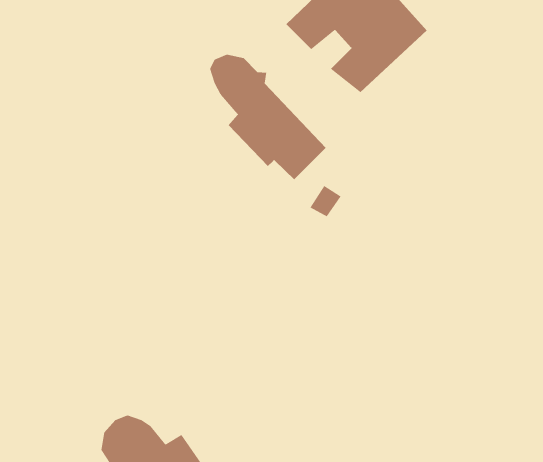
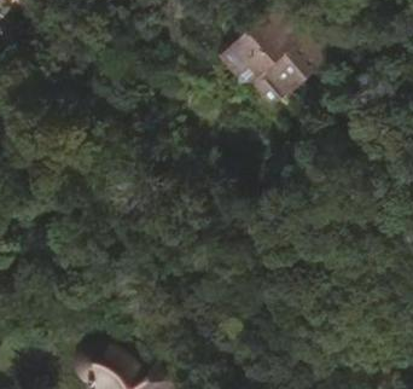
building: [210,54,327,180] -> none

